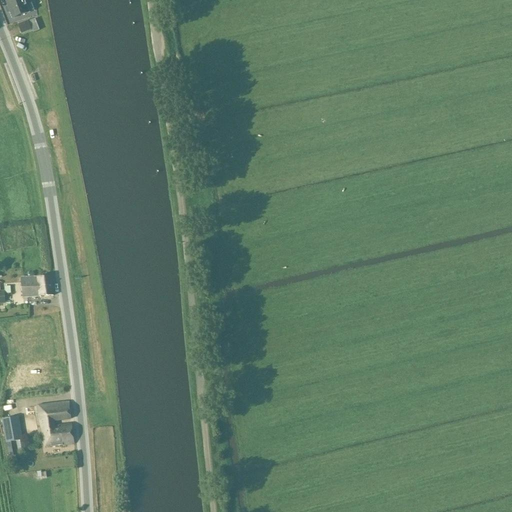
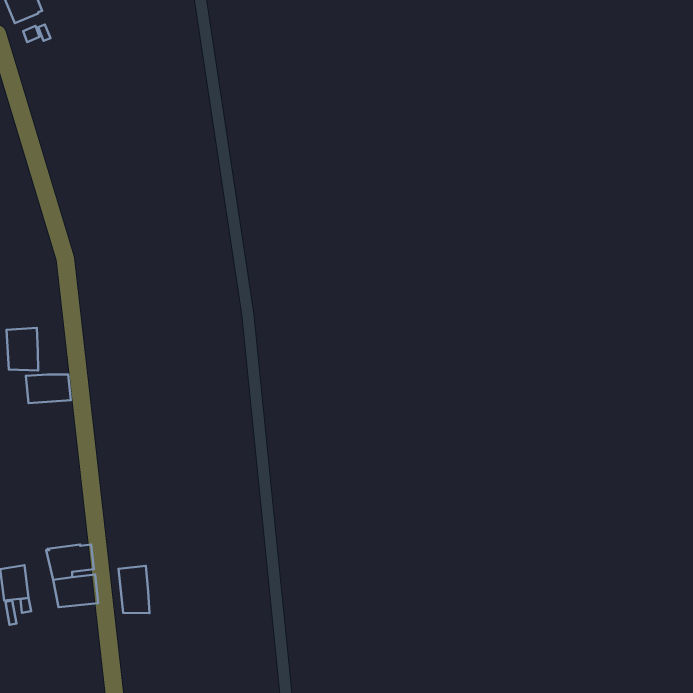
building: none -> [6,328,38,370]
building: none -> [118,566,150,613]

